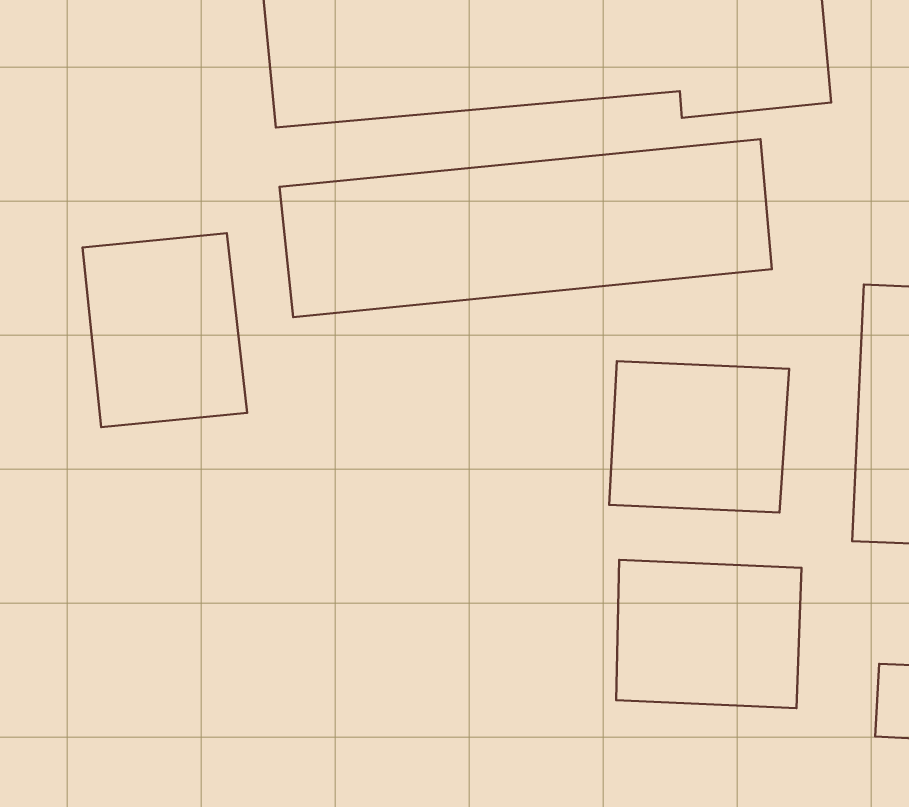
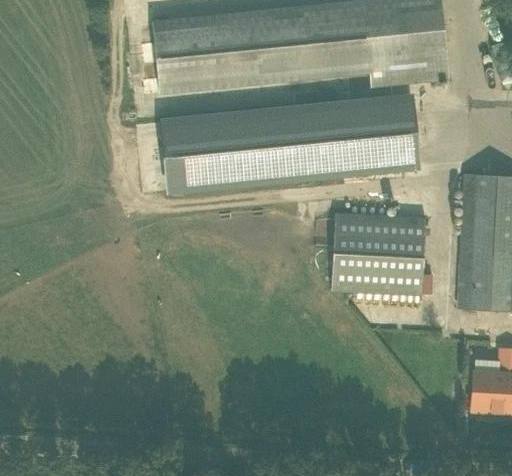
building: [82,233,247,427] -> none
building: [616,560,802,708] -> none

